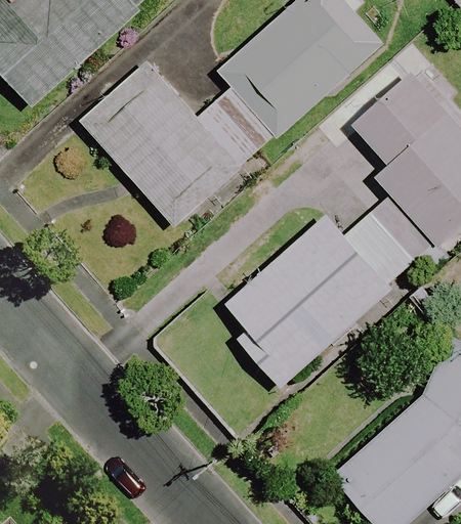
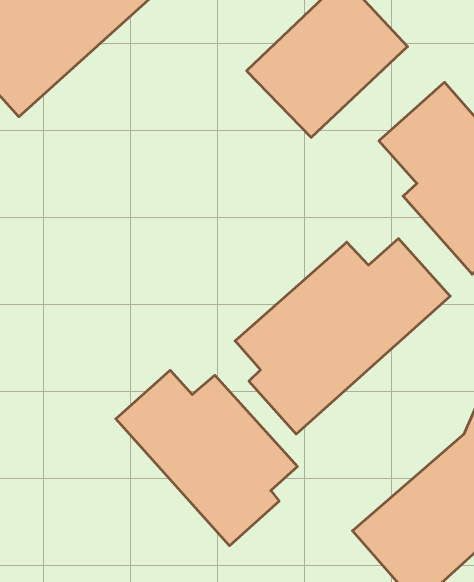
building: [84,64,273,225] -> none
building: none -> [116,370,297,546]

